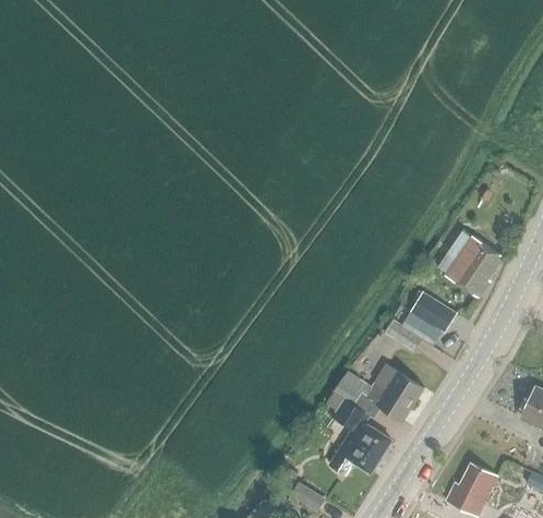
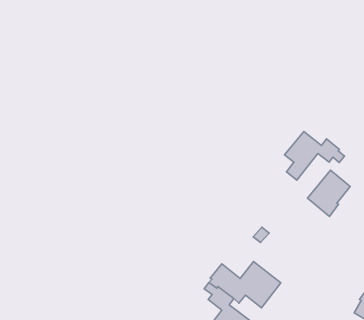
building: none -> [285,132,344,180]
building: [409,290,448,330] -> none

